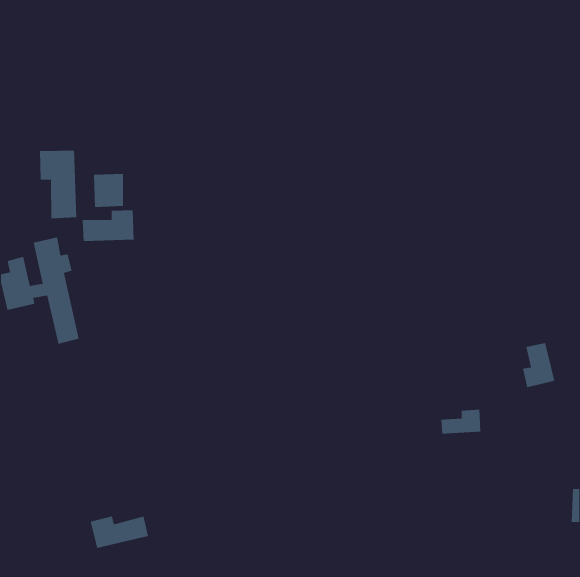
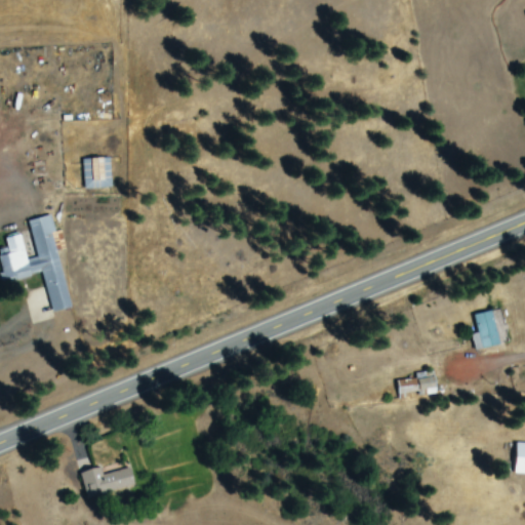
building: [39,150,77,219] -> none
building: [82,210,134,242] -> none

